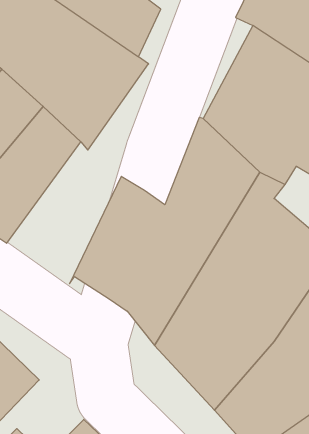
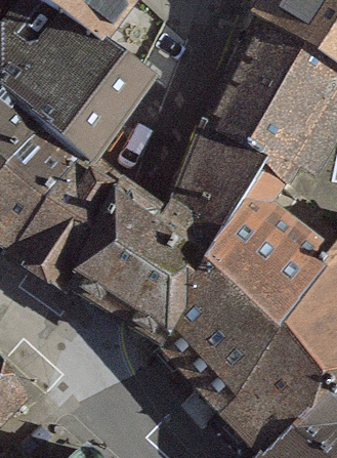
building: none -> [8,151,124,294]

